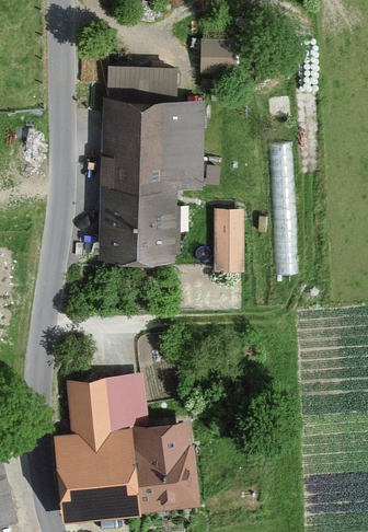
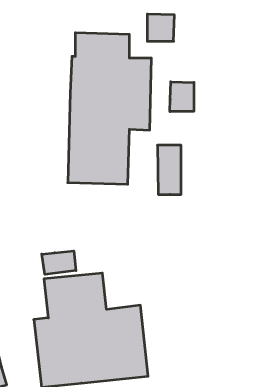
building: none -> [170,82,194,112]
building: none -> [42,251,76,274]

